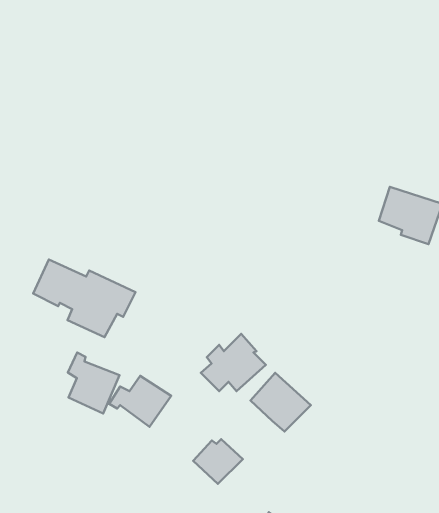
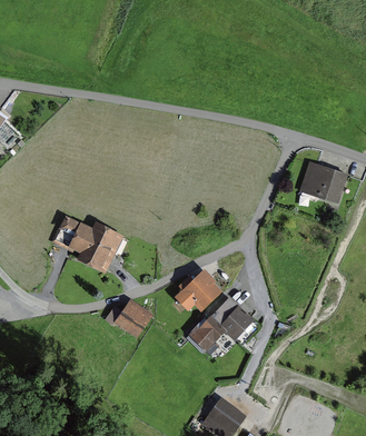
building: [68,353,120,414] -> none
building: [193,439,243,484] -> [188,317,224,349]

